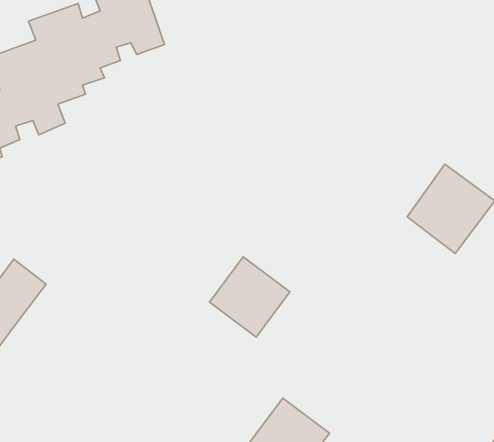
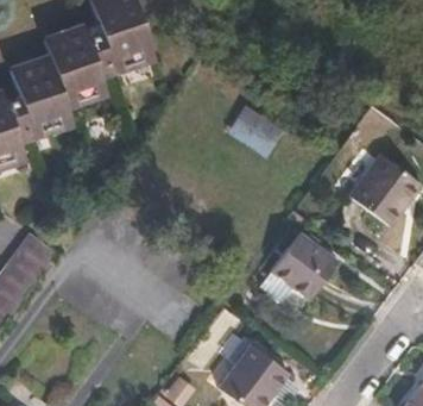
building: none -> [229,104,285,155]
building: [210,257,290,337] -> [271,233,336,299]

